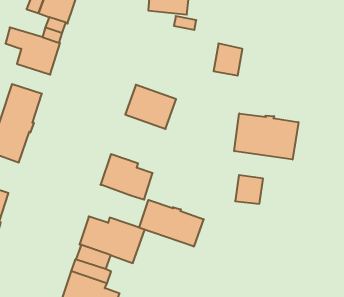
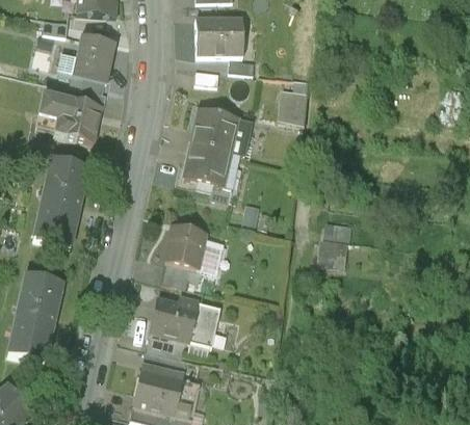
building: none -> [192,109,253,155]
building: [234,113,298,160] -> none
building: none -> [162,261,201,286]
building: [139,200,204,247] -> none

